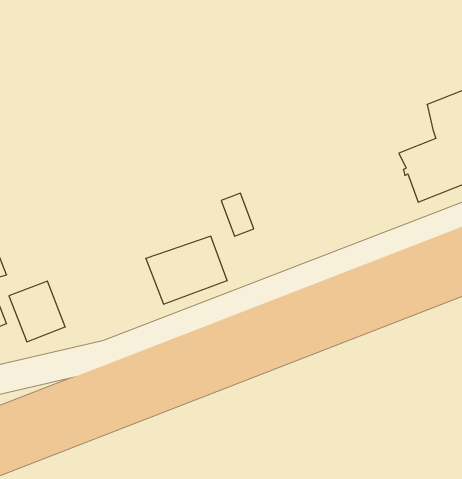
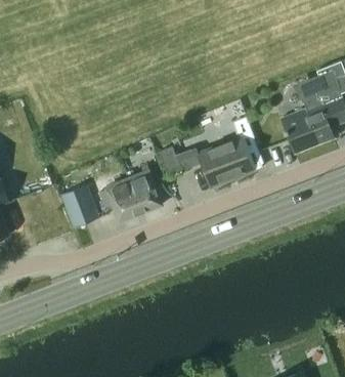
building: none -> [199,137,252,186]
building: [9,281,65,342] -> [60,186,99,228]

